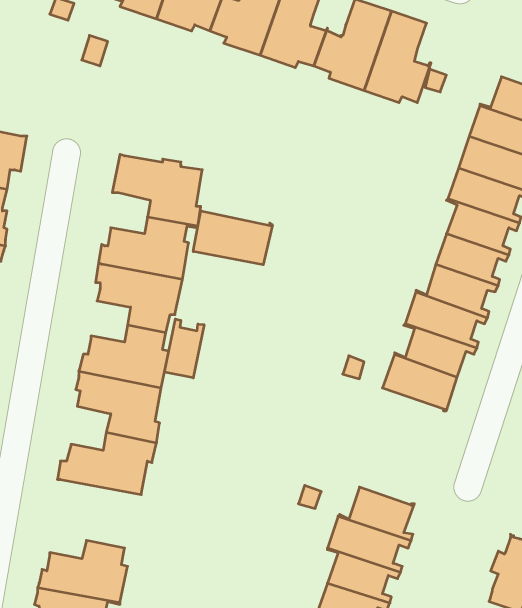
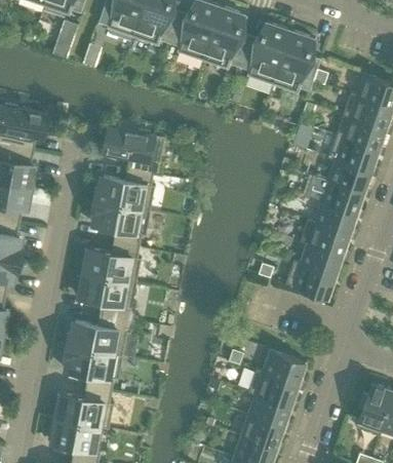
building: [193,211,272,265] -> none
building: [164,319,204,378] -> none
building: none -> [65,345,123,391]

